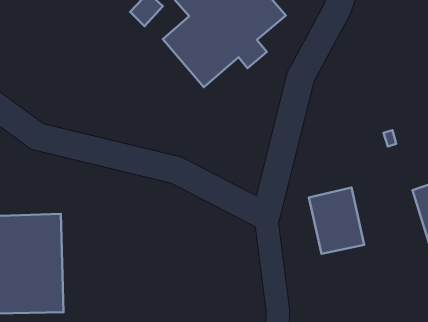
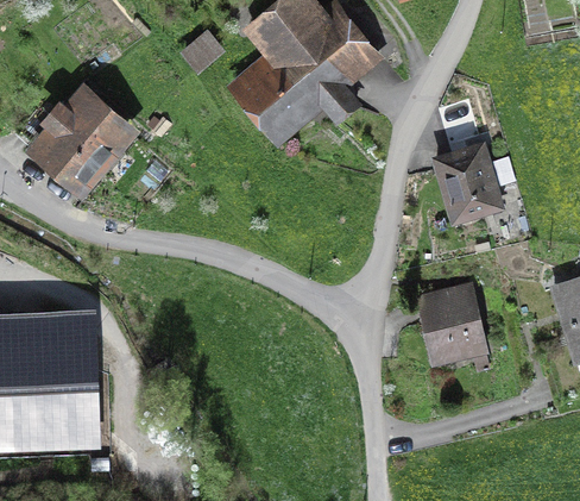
building: none -> [20,83,139,202]
building: none -> [431,140,505,226]

